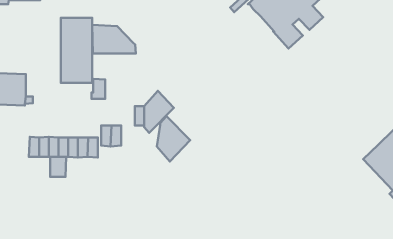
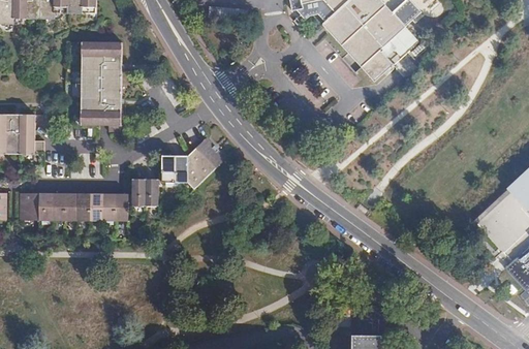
building: [92,25,136,54] -> none
building: [92,79,105,99] -> [157,154,175,180]
building: [157,116,190,161] -> none
building: [50,157,66,177] -> [19,194,39,220]

